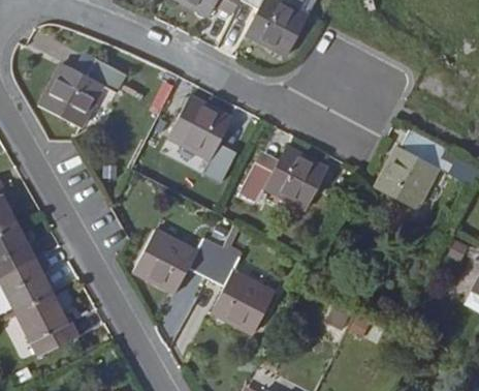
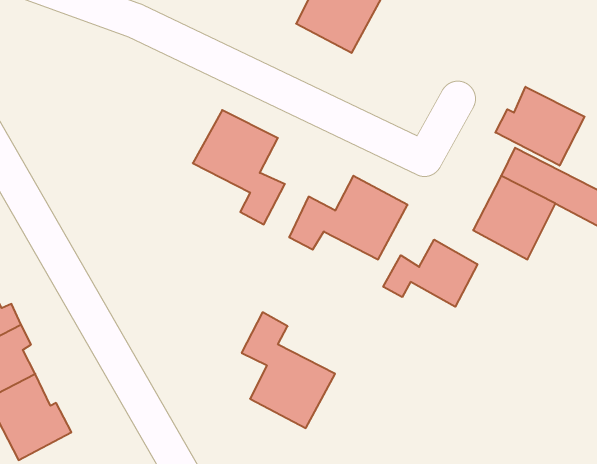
building: [39,59,124,126] -> none
building: none -> [495,87,585,166]
building: none -> [383,240,477,307]
building: [132,230,220,292] -> none

